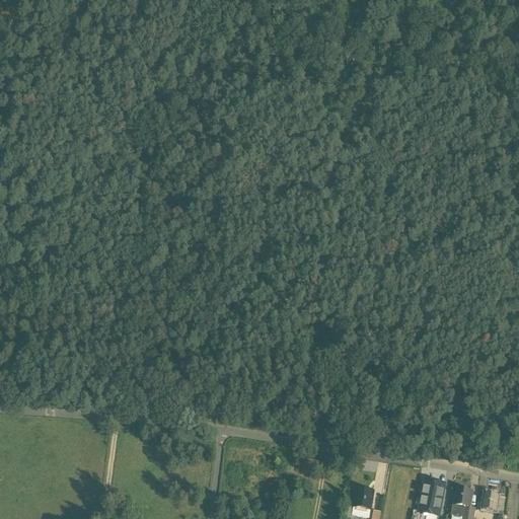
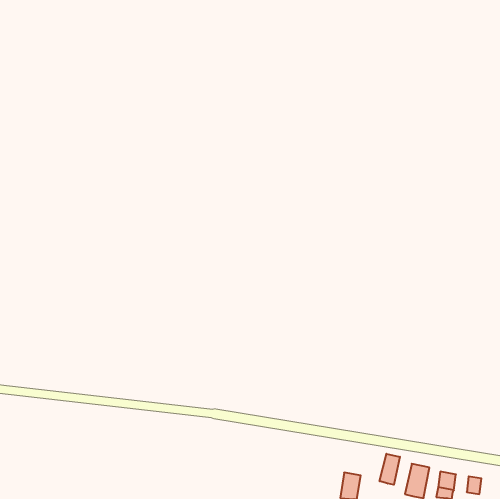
building: none -> [380,454,400,485]

